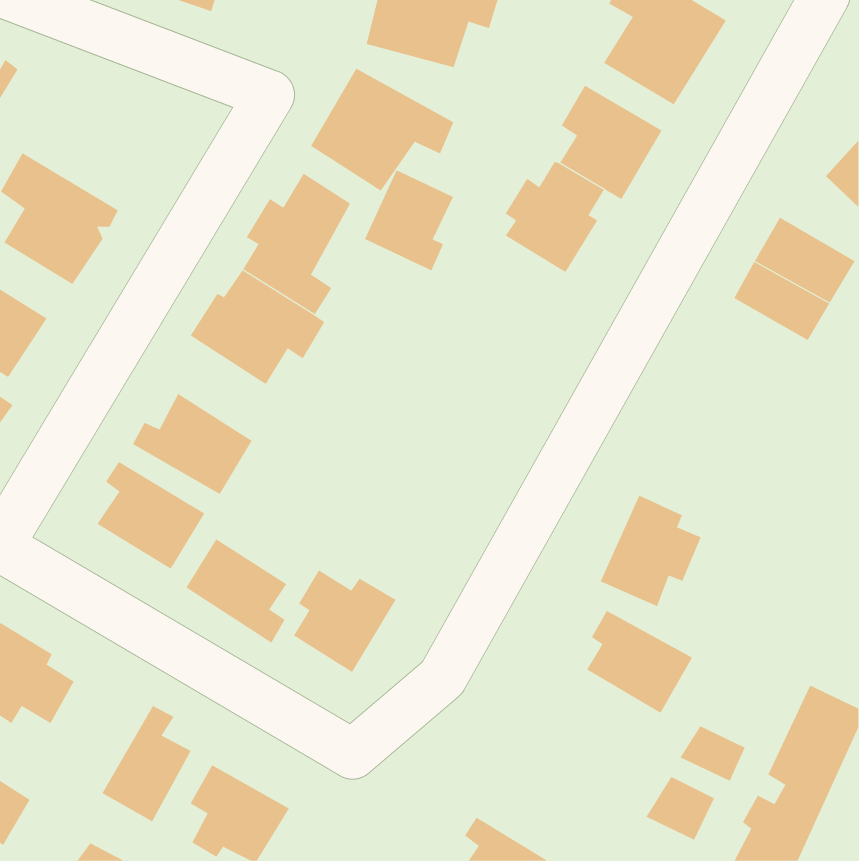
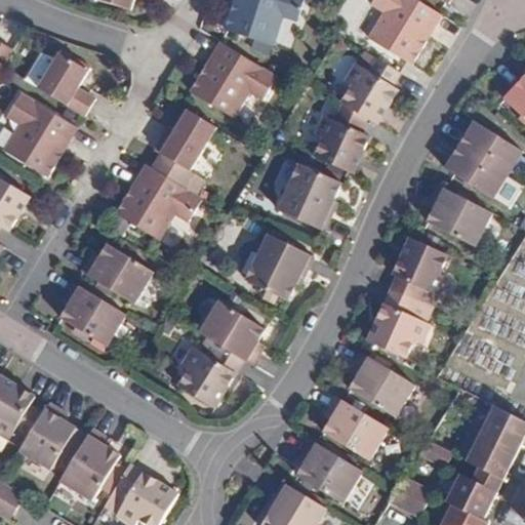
building: none -> [36,52,91,114]
building: [364,170,454,271] -> [277,165,331,227]
building: none -> [423,196,488,257]
building: none -> [248,236,315,301]
building: none -> [386,248,444,312]
building: [185,538,287,644] -> [199,300,260,364]
building: none -> [22,403,72,469]
building: none -> [331,412,393,472]
building: none -> [309,453,369,514]

